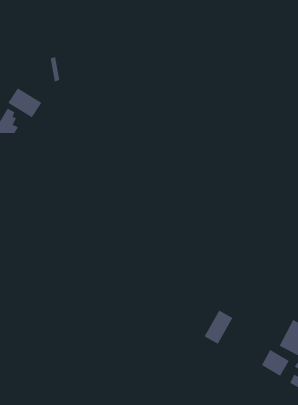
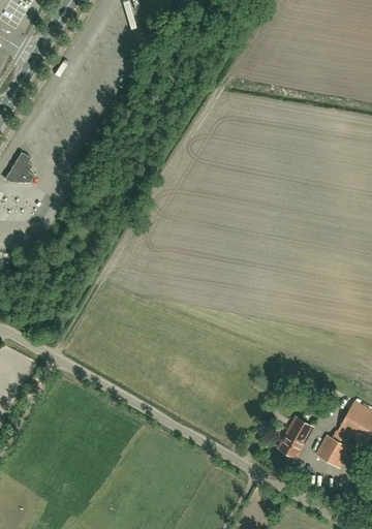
building: [8,87,42,118] -> none
building: [204,310,233,344] -> [278,417,312,458]

